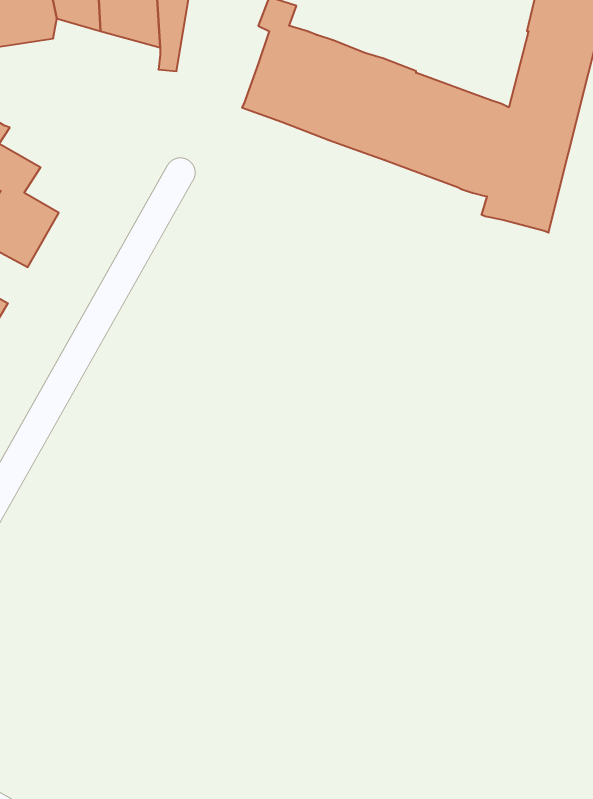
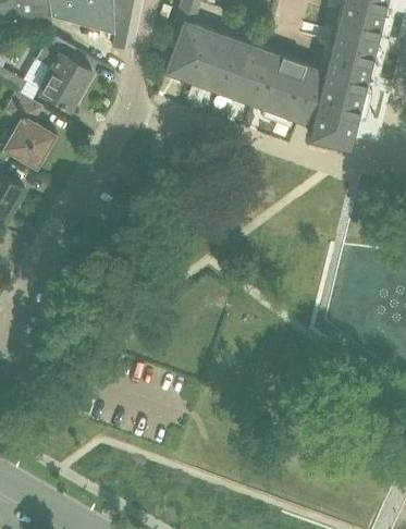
building: none -> [36,34,94,108]

